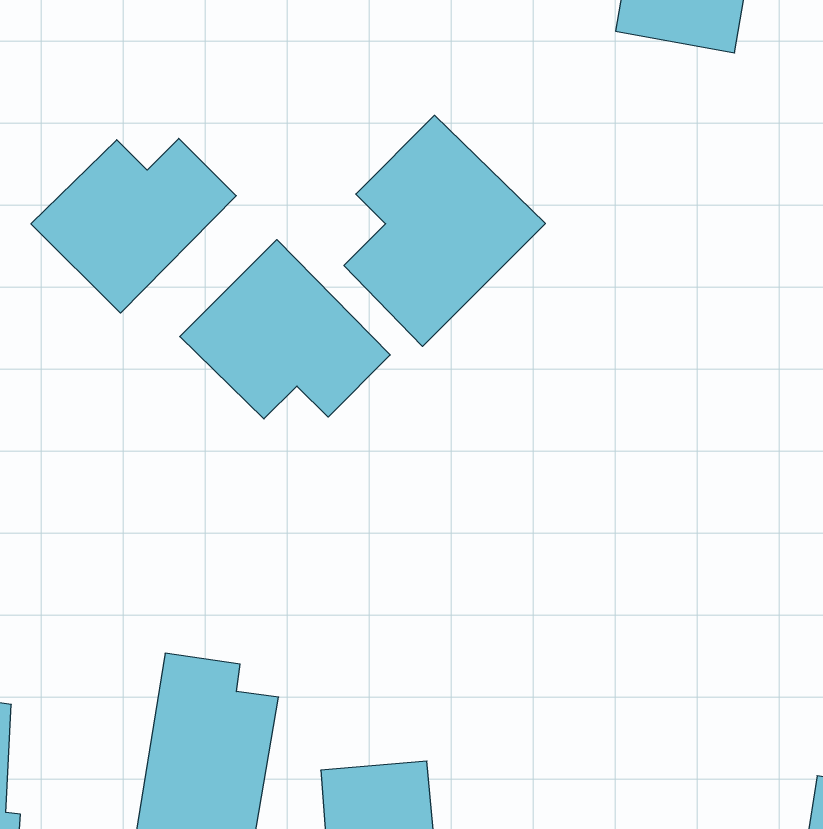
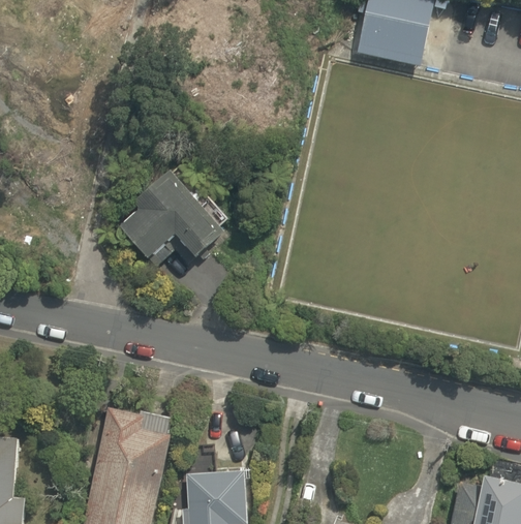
building: [344,115,545,346] -> none
building: [31,138,236,313] -> none

